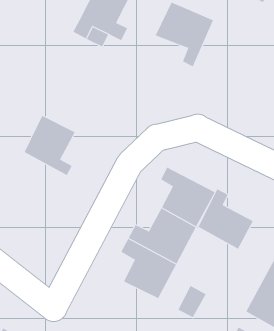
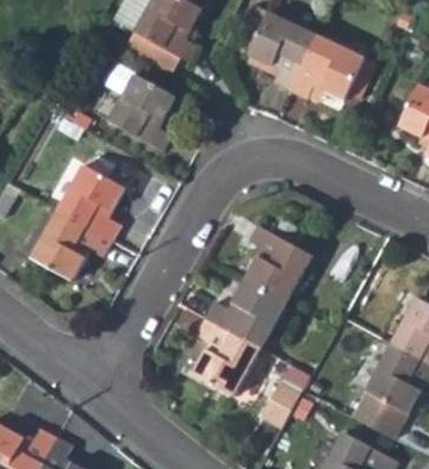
building: none -> [284,30,367,100]
building: none -> [106,57,178,144]
building: none -> [37,204,118,273]
building: [198,189,254,250] -> none

